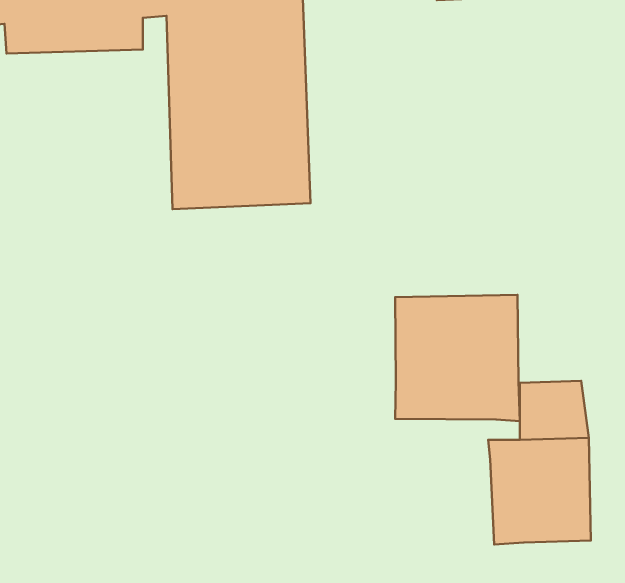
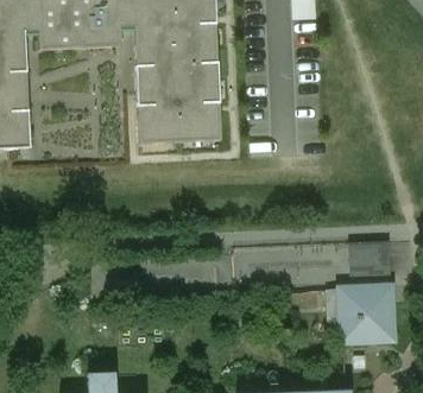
building: [395,295,520,421] -> none

